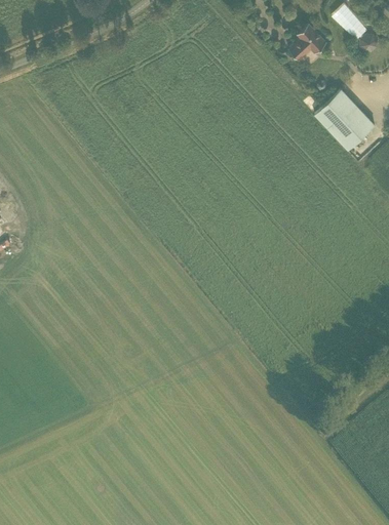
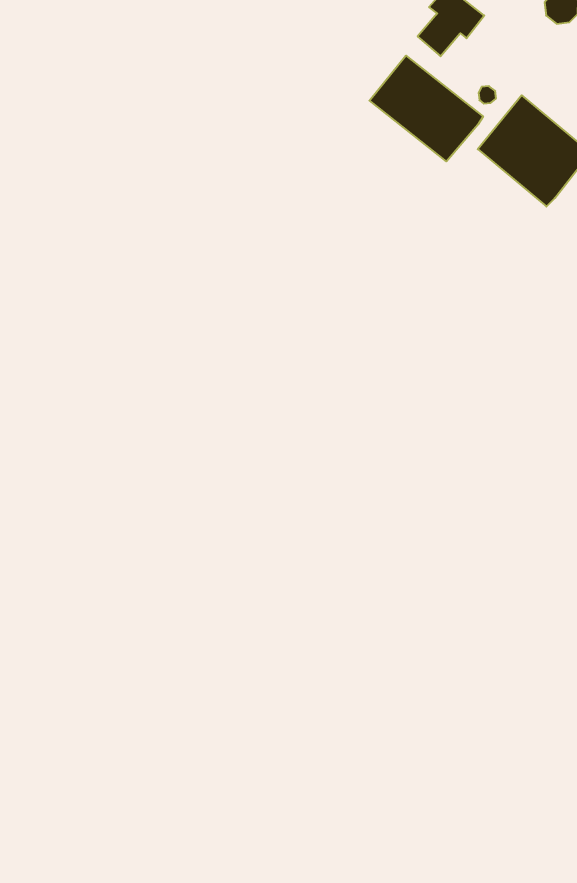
building: none -> [369,56,483,161]

